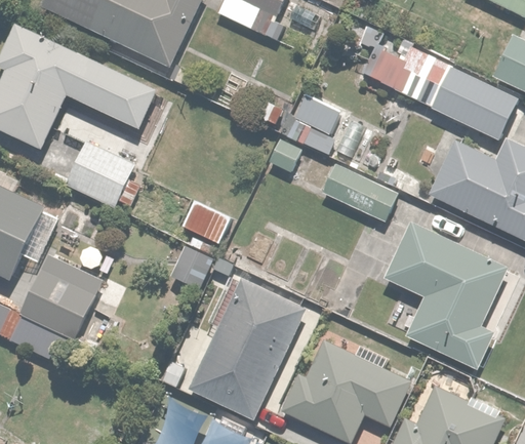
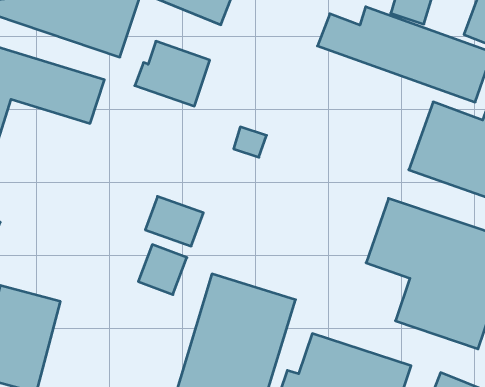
building: [280,93,352,157] -> [135,41,210,106]
building: [66,143,136,210] -> none
building: [321,163,399,220] -> none

